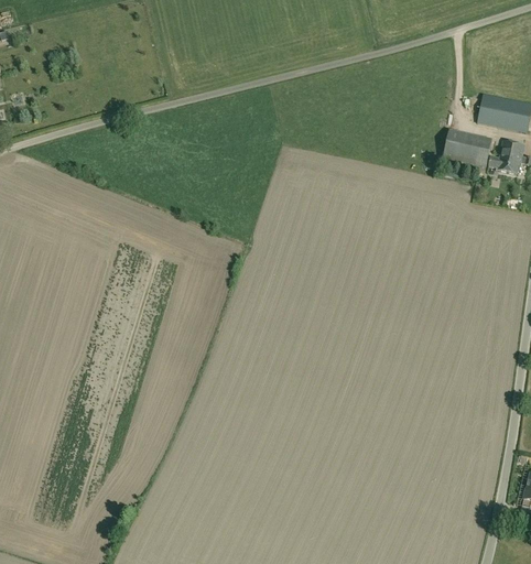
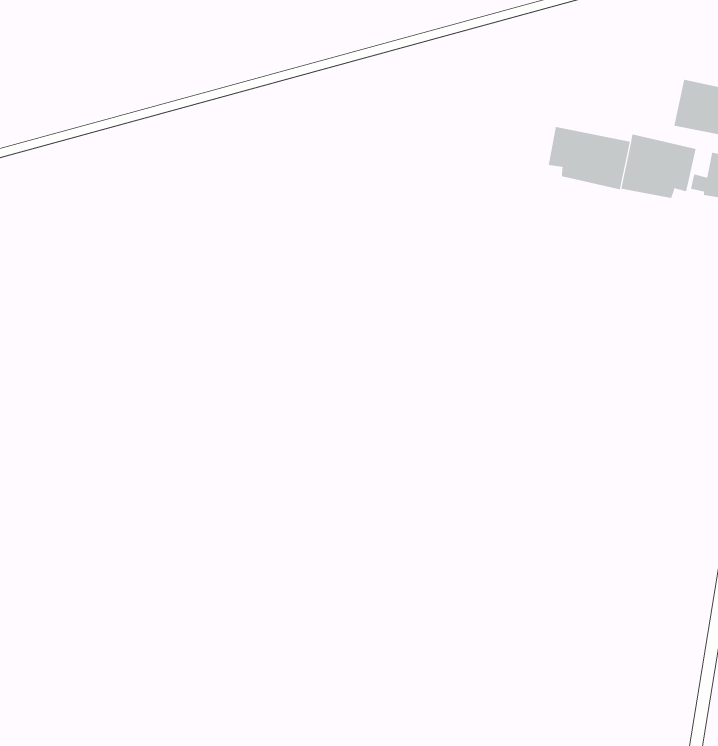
building: none -> [548,126,630,190]

